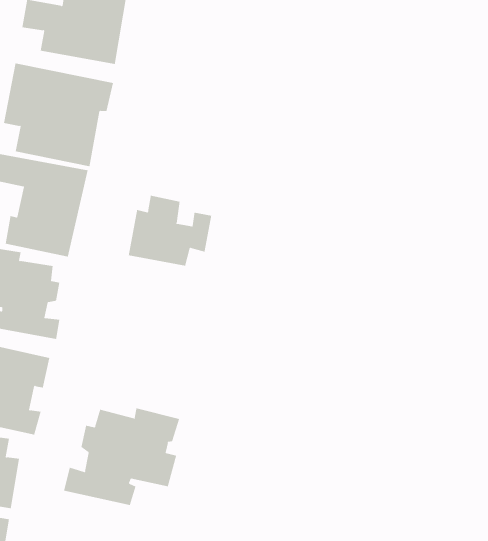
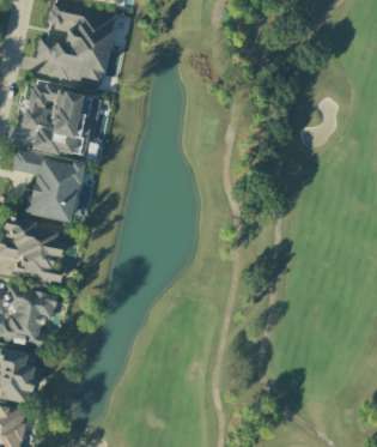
building: [128,195,212,266] -> none
building: [64,408,180,506] -> none

